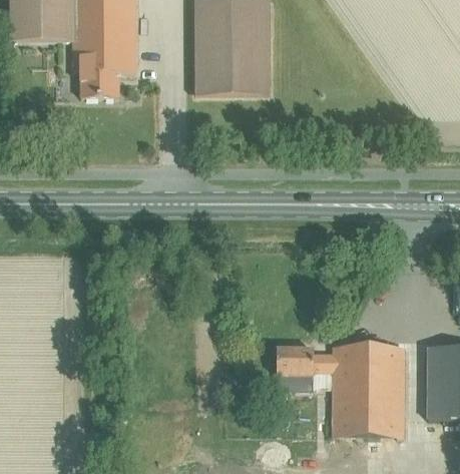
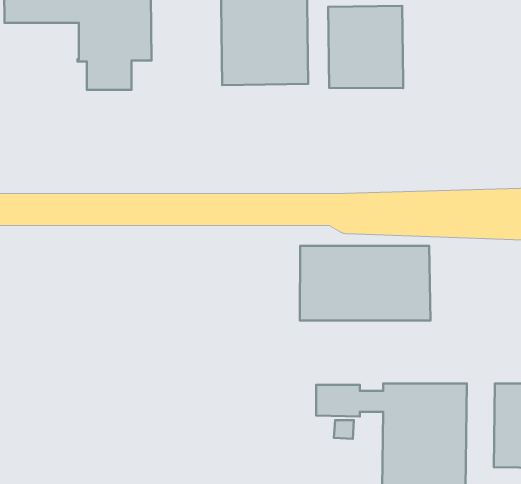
building: none -> [328,6,403,88]
building: none -> [300,246,430,320]

